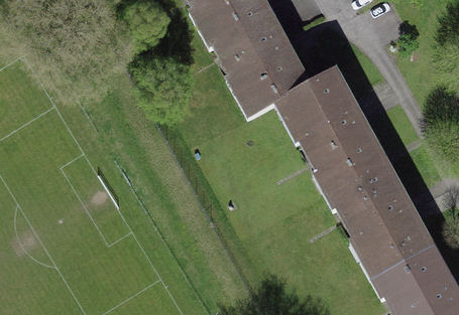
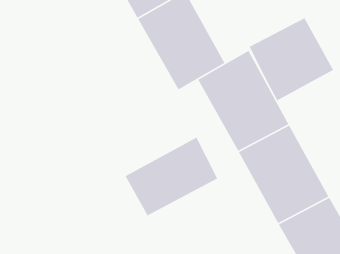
building: none -> [248,17,334,101]
building: none -> [124,137,218,216]

